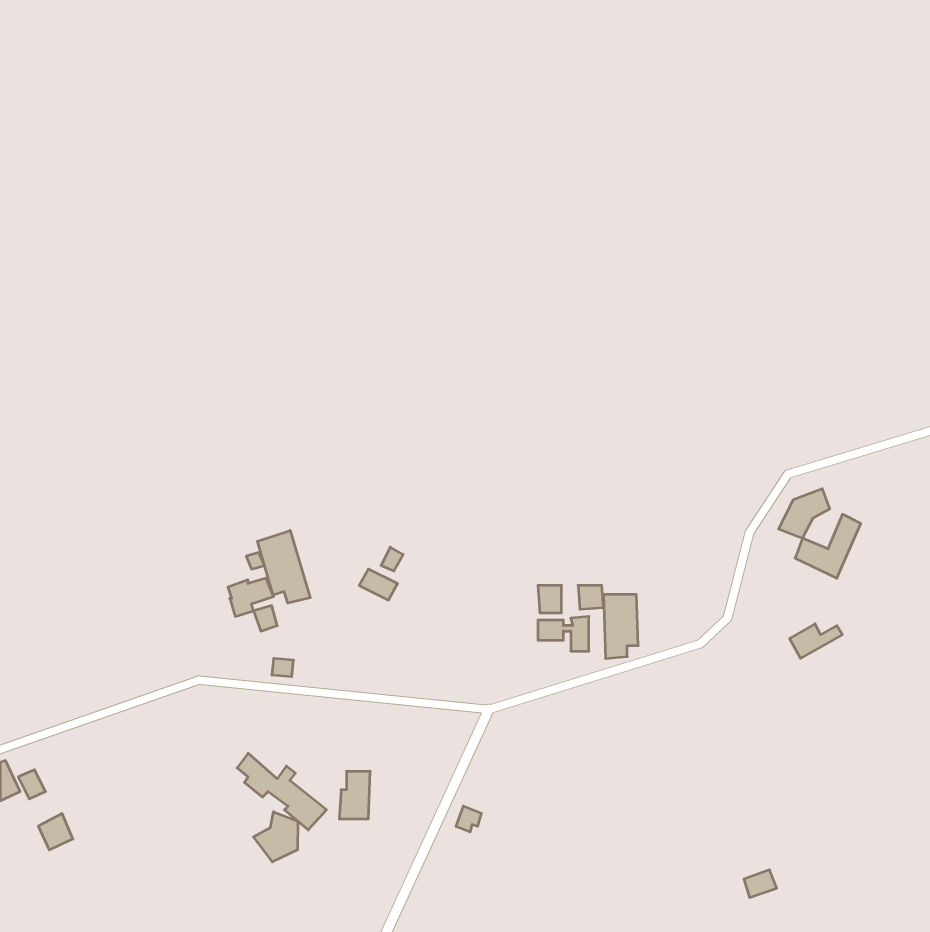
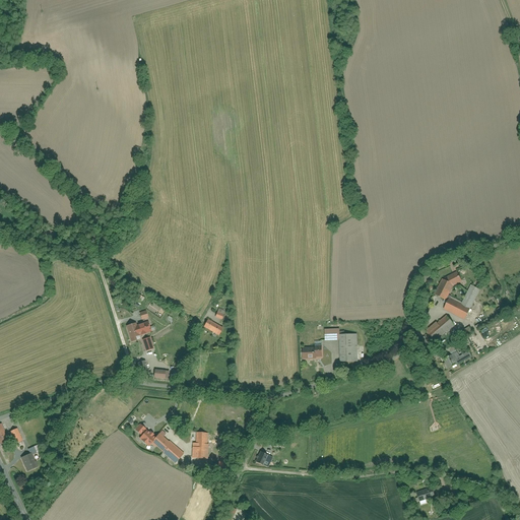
building: [257,530,310,603] -> none
building: none -> [424,313,453,341]
building: [253,812,298,862] -> none

